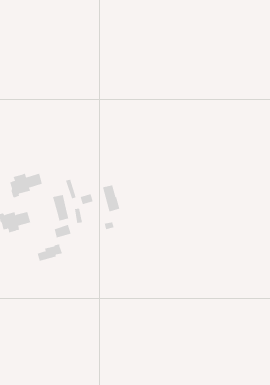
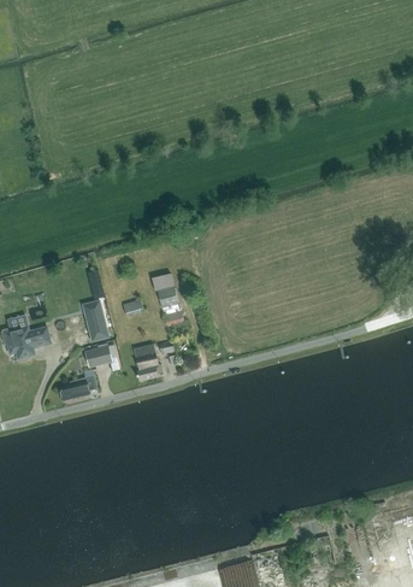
building: [9,173,43,198] -> none
building: none -> [135,345,163,381]

